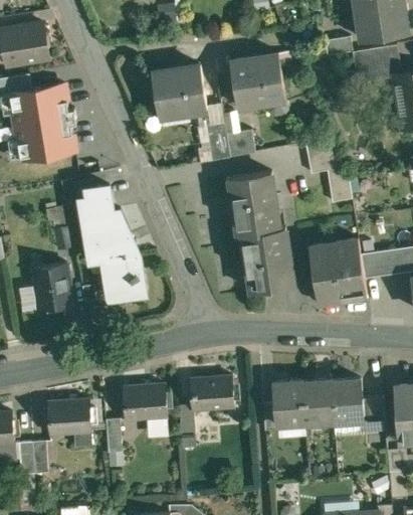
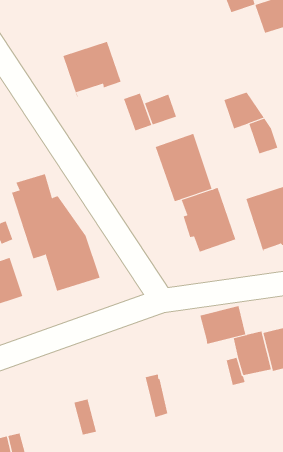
building: [229,51,285,113] -> none
building: [191,377,234,410] -> [200,306,246,344]
building: [123,385,167,419] -> none
building: [46,398,90,433] -> none

